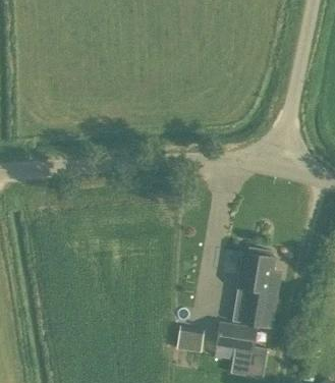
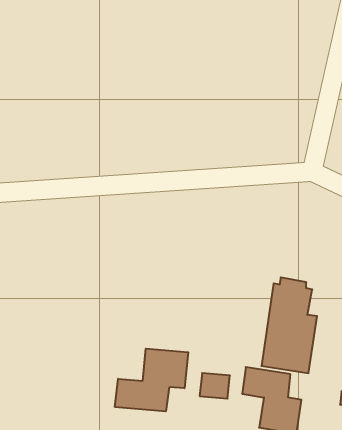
building: none -> [115,349,188,411]

